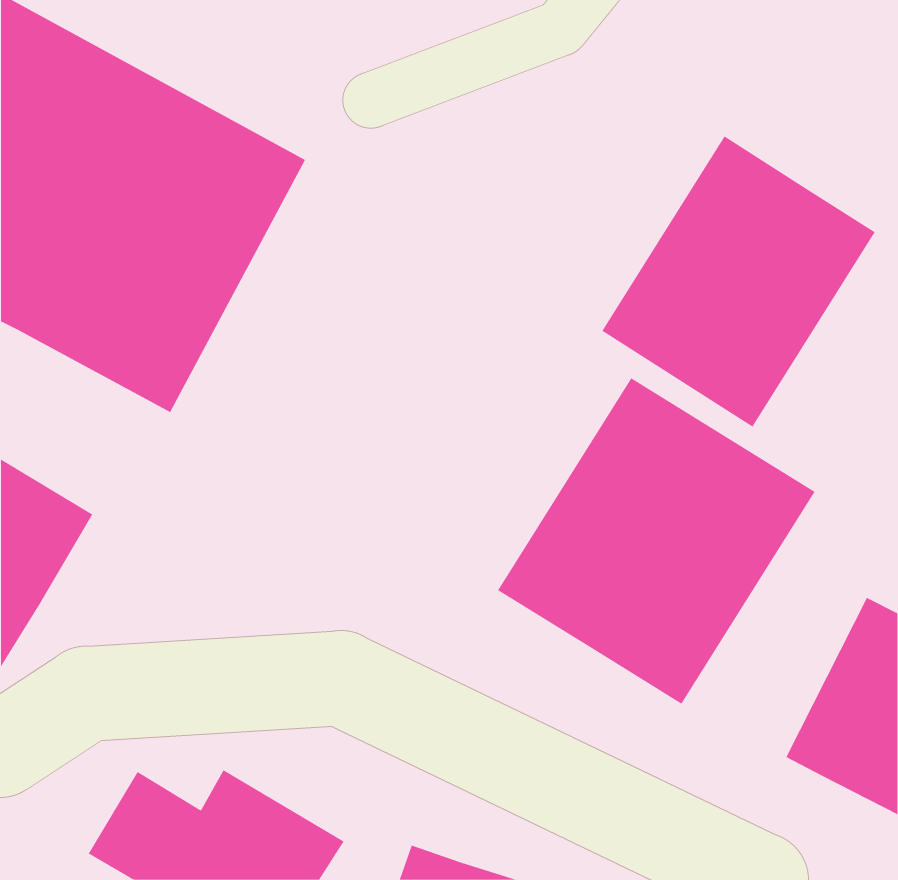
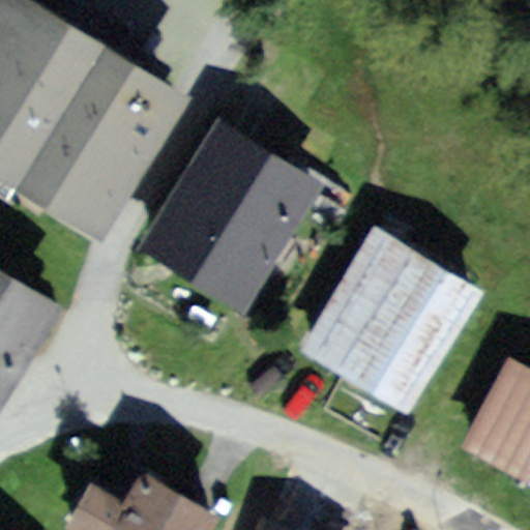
building: [601,136,876,428] -> none
building: none -> [145,128,331,322]

